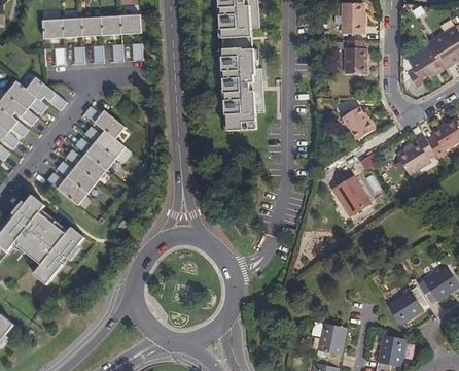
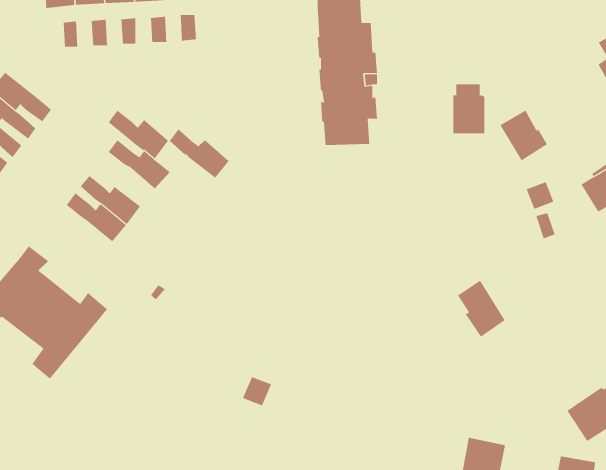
building: [344,40,365,73] -> [452,84,485,134]
building: [25,77,66,110] -> none
building: [74,137,114,170] -> [169,128,230,178]
building: [45,172,86,206] -> none
building: [337,177,368,215] -> [457,280,506,337]

